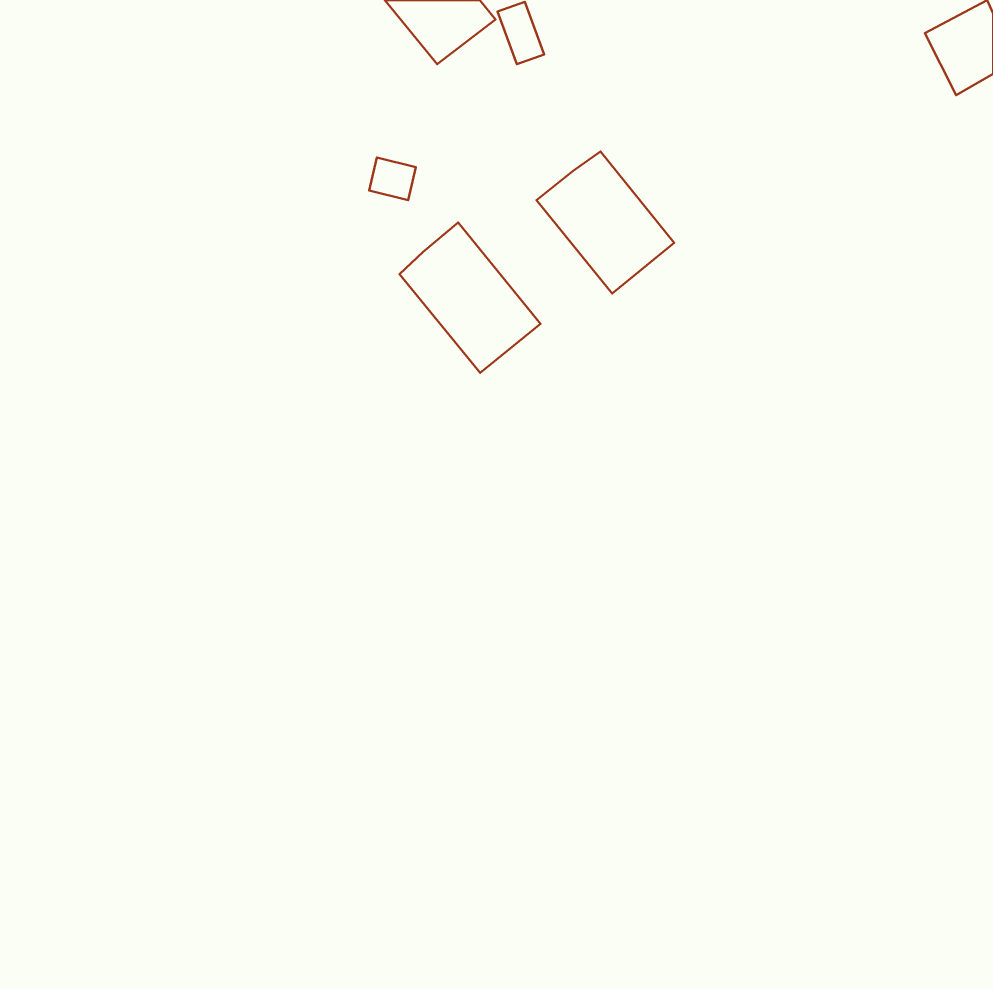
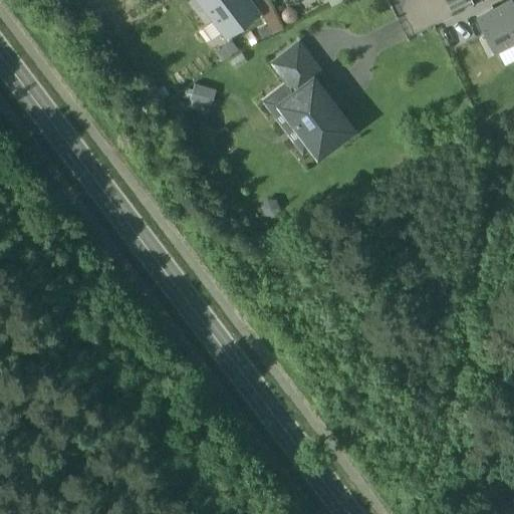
building: none -> [276,47,318,90]
building: [399,223,541,373] -> none

